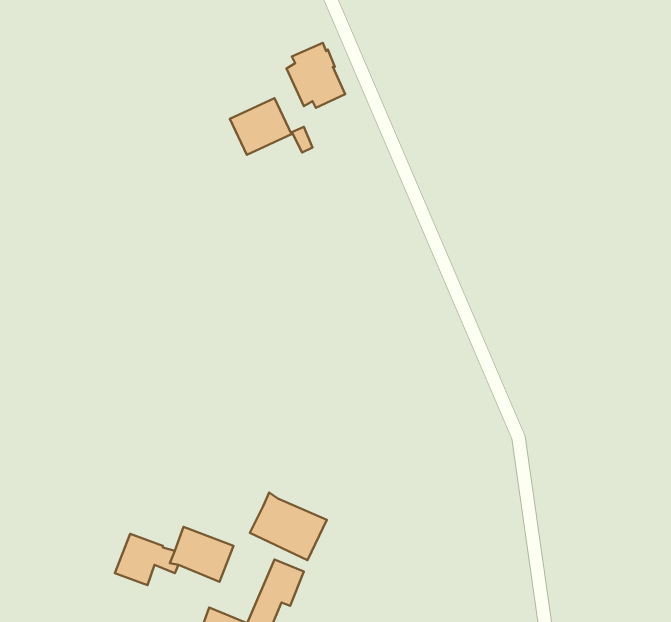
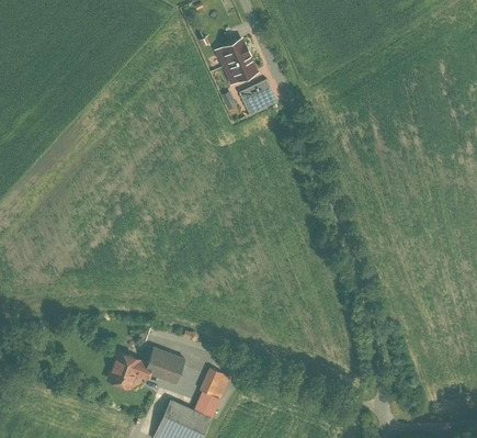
building: [230,98,292,155] -> [238,79,277,115]
building: [250,492,327,560] -> none

